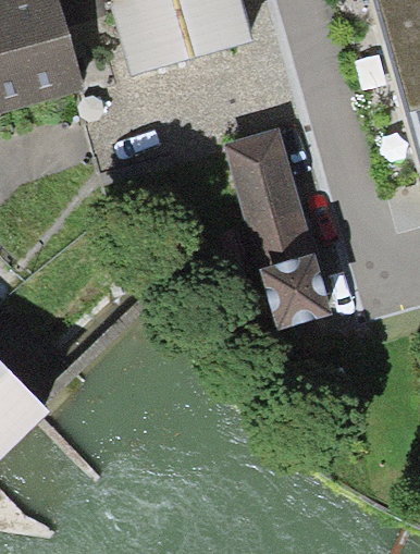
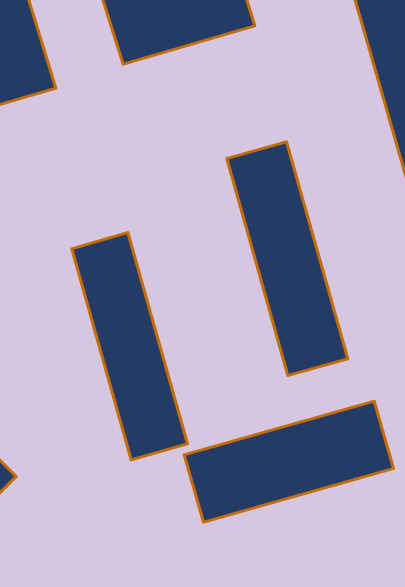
building: none -> [72,233,187,460]
building: none -> [184,401,393,522]

